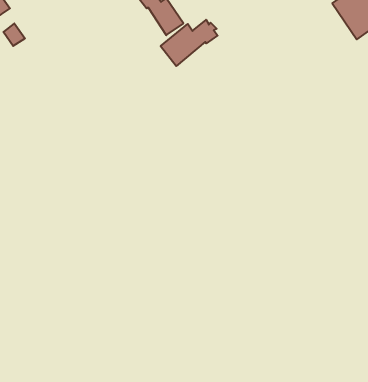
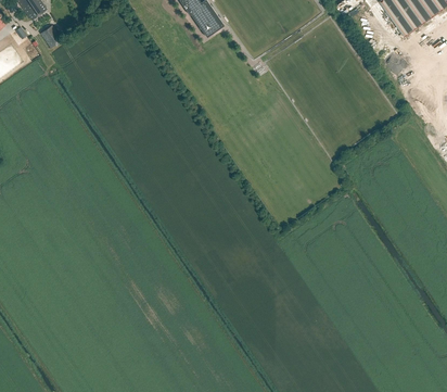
building: [161,20,218,66] -> none

